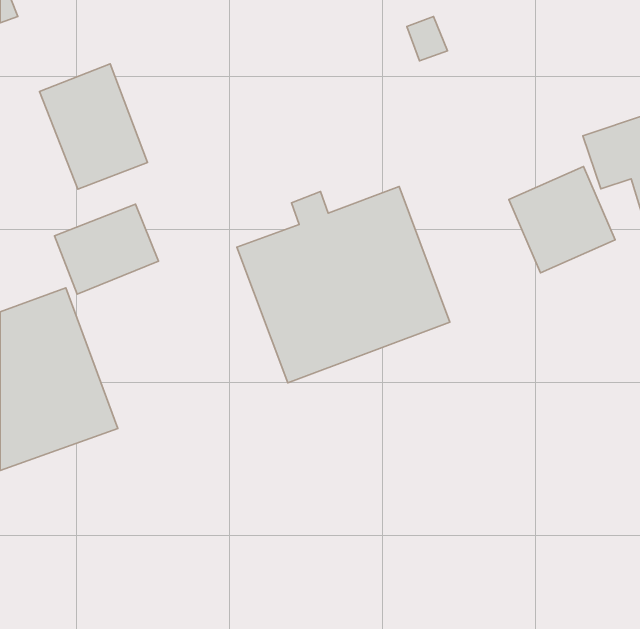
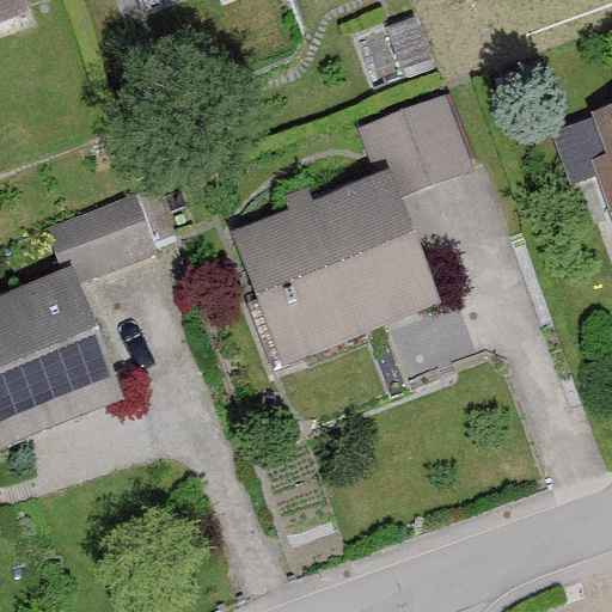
building: [39,64,147,189] -> none
building: [509,166,615,273] -> [372,92,472,192]

